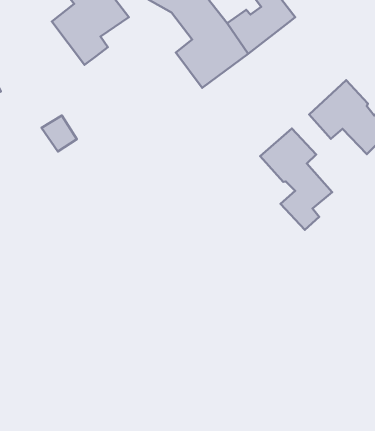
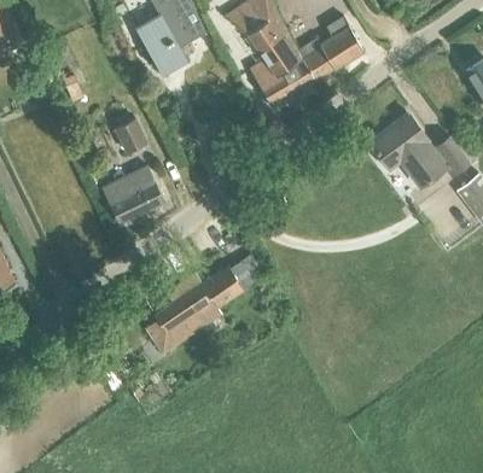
building: [260,128,332,230] -> none
building: none -> [101,167,164,226]
building: none -> [144,256,263,354]

